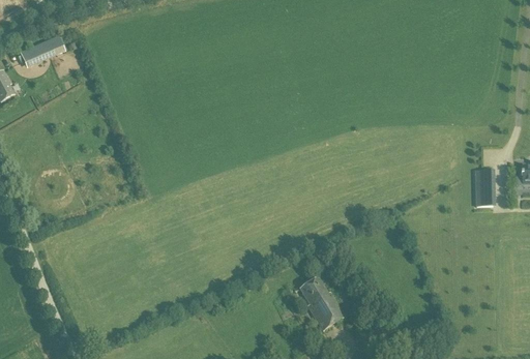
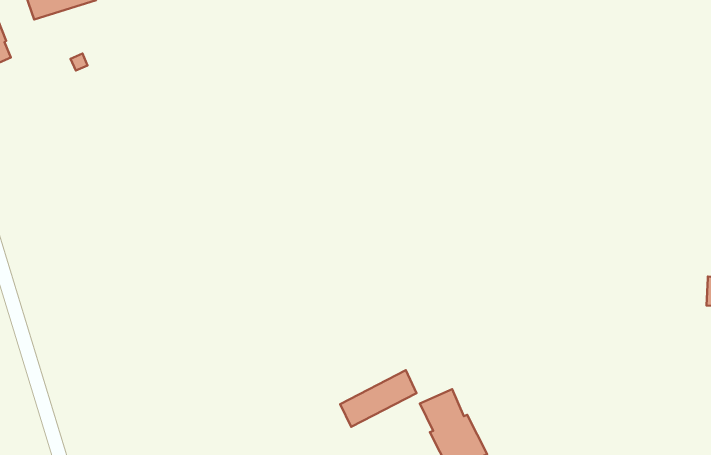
building: none -> [340,370,417,427]

